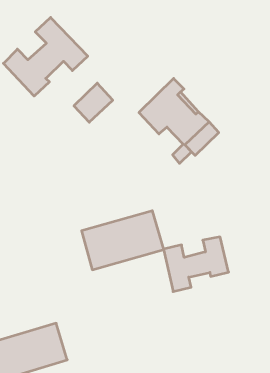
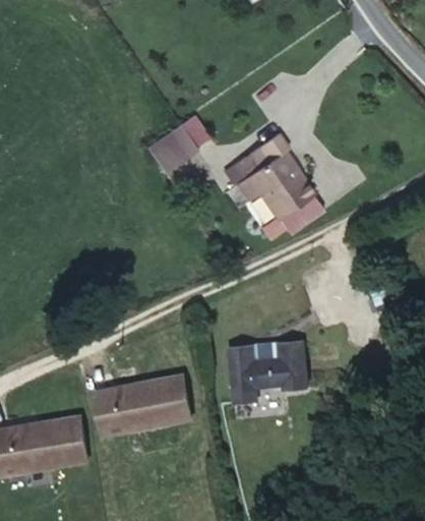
building: [3,17,88,96] -> none
building: [82,211,164,270] -> [94,374,193,438]

